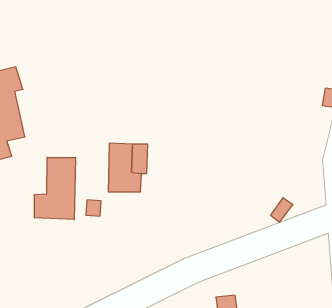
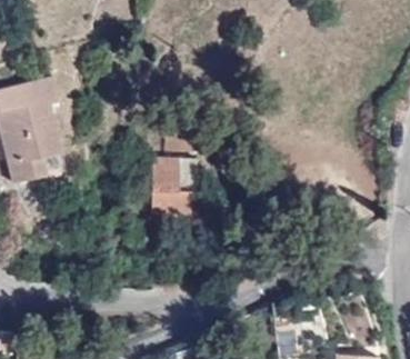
building: [34,157,76,220] -> none

